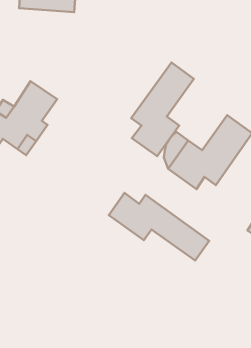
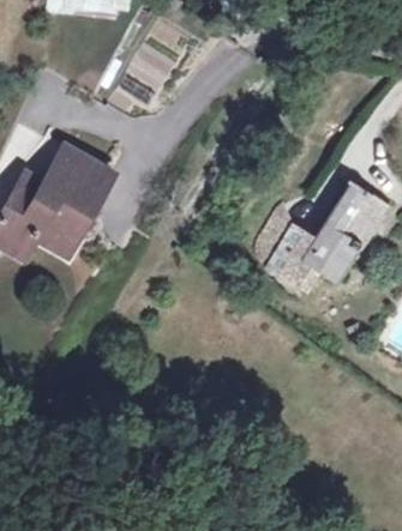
building: [131,63,194,156] -> none
building: [109,193,209,260] -> none

